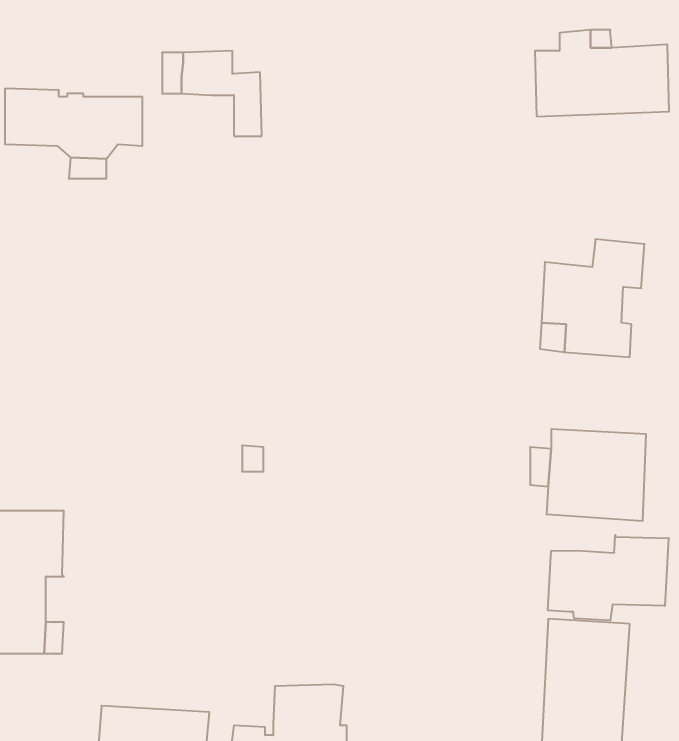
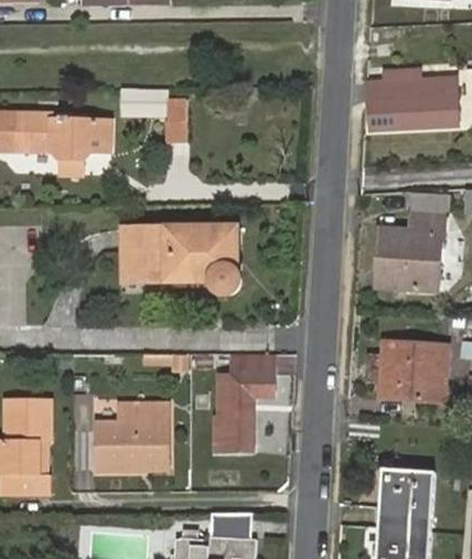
building: none -> [125,232,242,297]
building: none -> [214,353,273,453]
building: none -> [96,402,170,469]
building: [548,535,669,621] -> none

